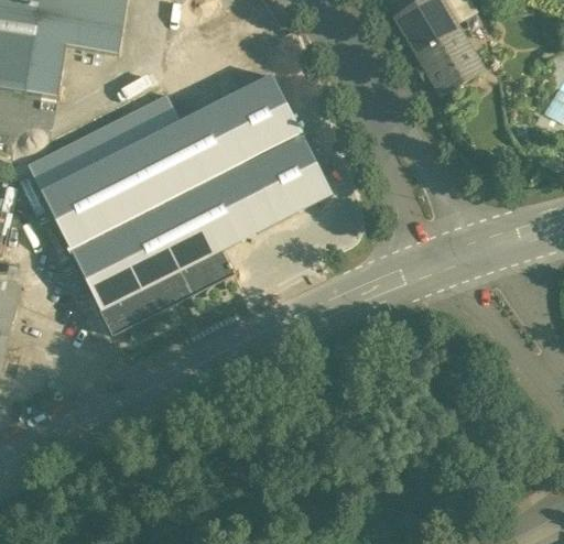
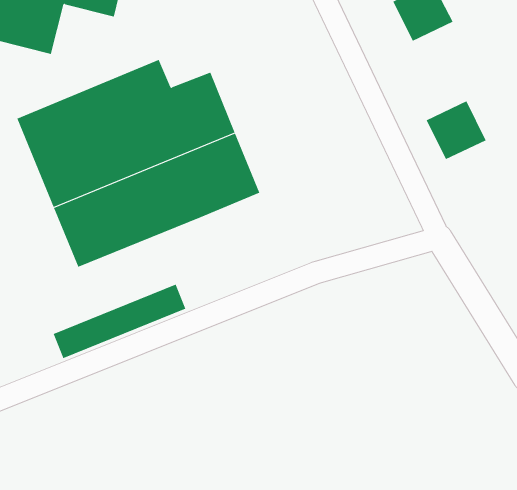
building: [419,31,481,93] -> [426,101,486,160]
building: [218,74,330,219] -> none
building: [100,249,232,334] -> [53,284,186,359]

